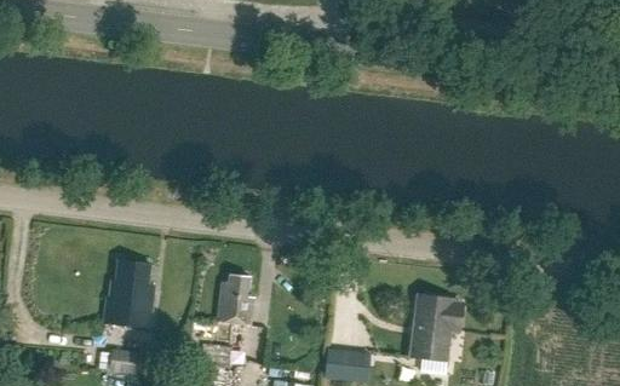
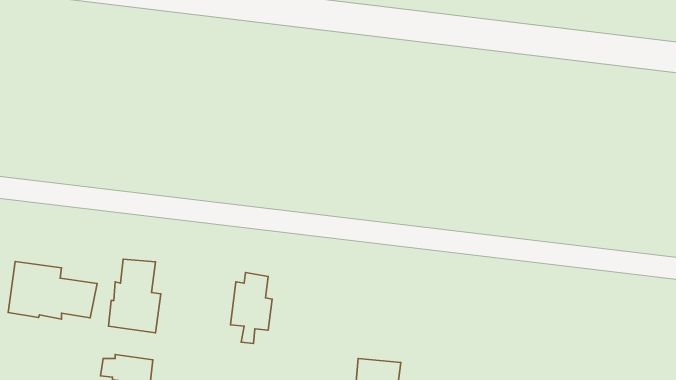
building: none -> [8,261,97,319]
building: [411,296,459,358] -> none

